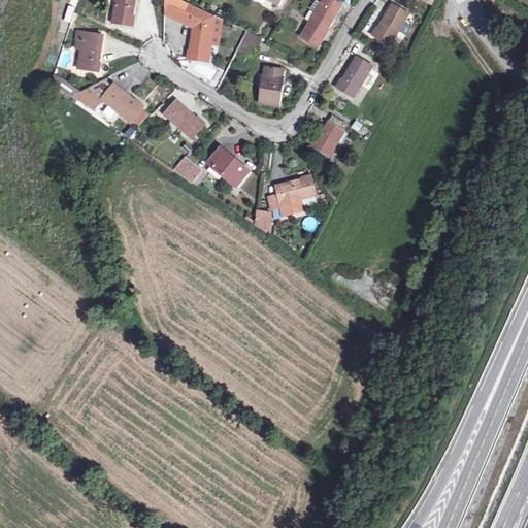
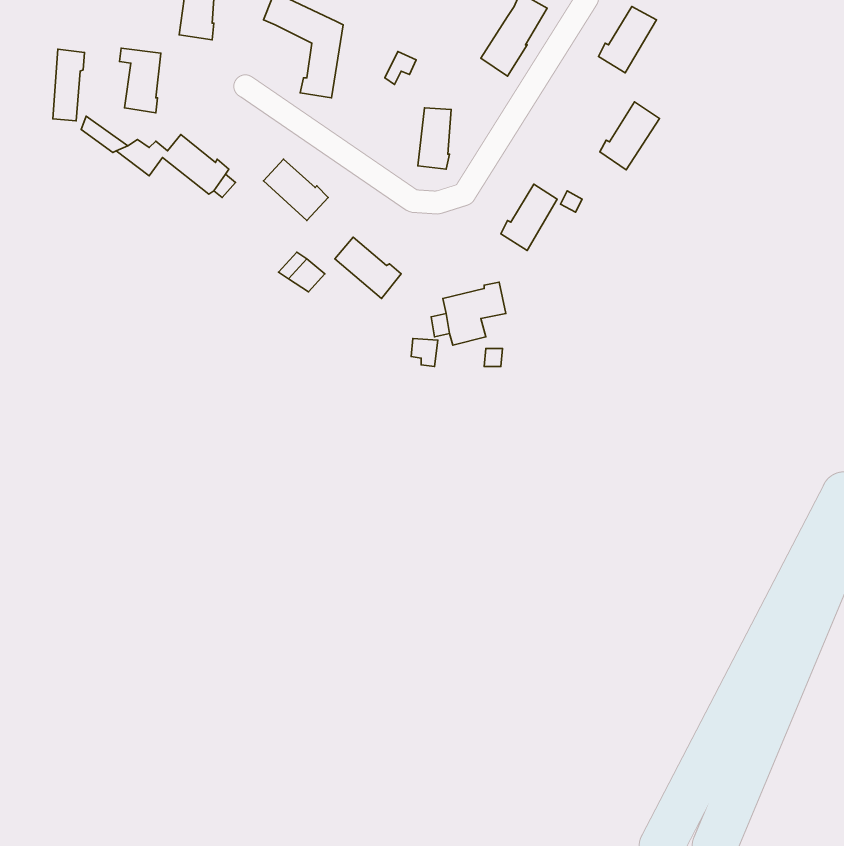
building: none -> [53,49,84,121]
building: [335,55,372,97] -> [600,102,659,170]

